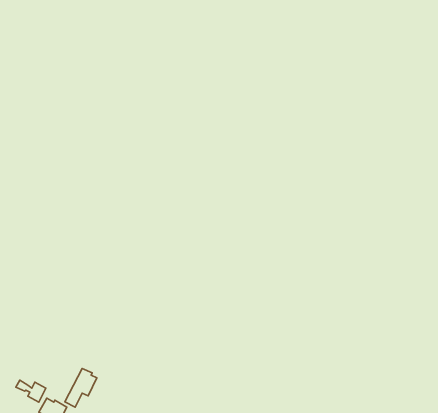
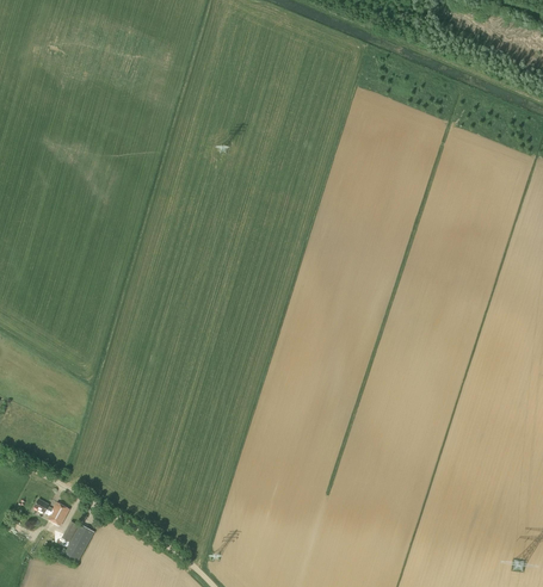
building: [65,369,97,407] -> none

